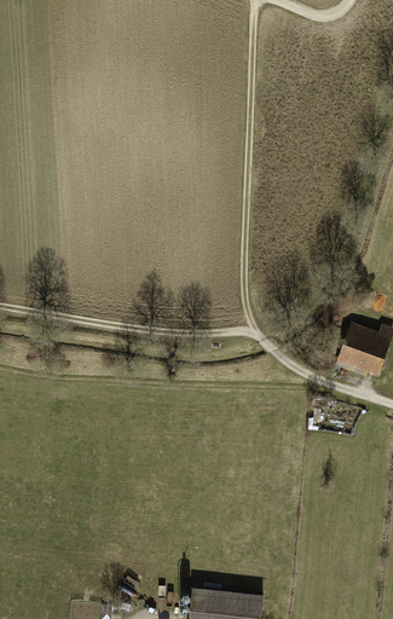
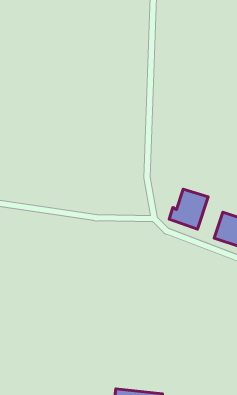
building: none -> [169,189,208,229]

